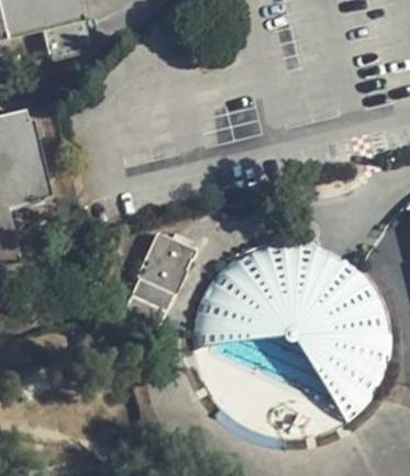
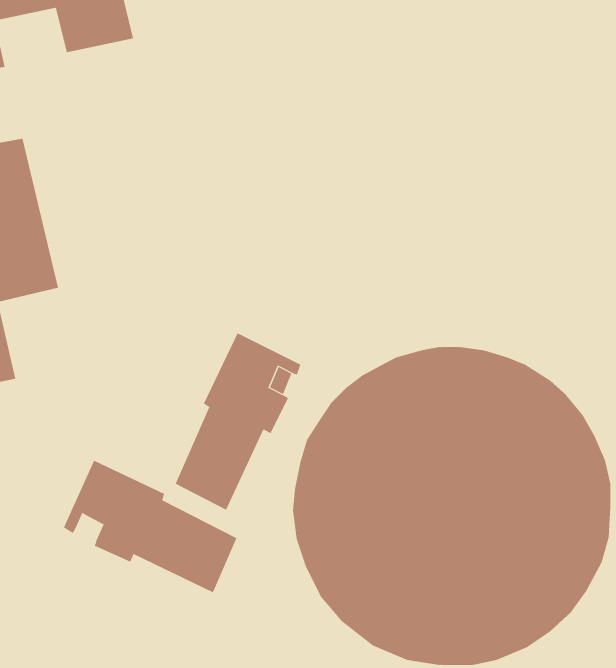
building: none -> [63,460,237,593]

